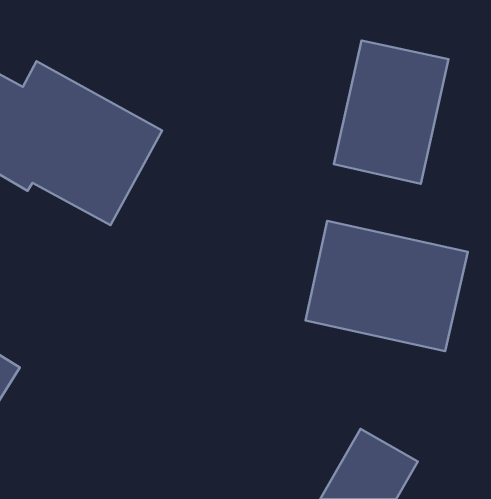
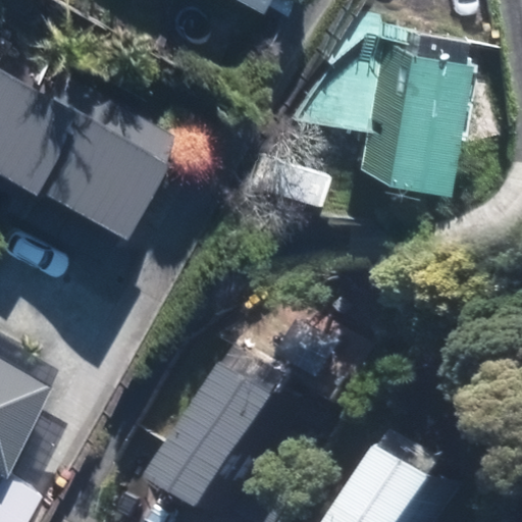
building: [306,221,468,351] -> none
building: none -> [150,363,272,510]

